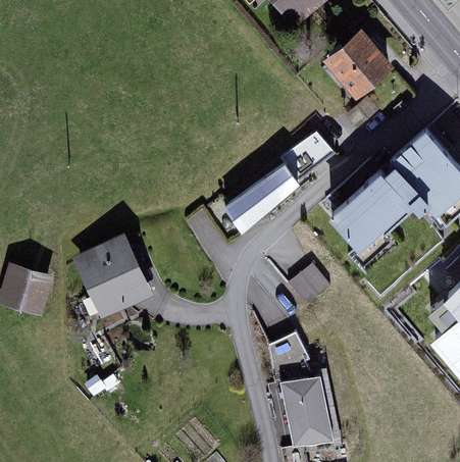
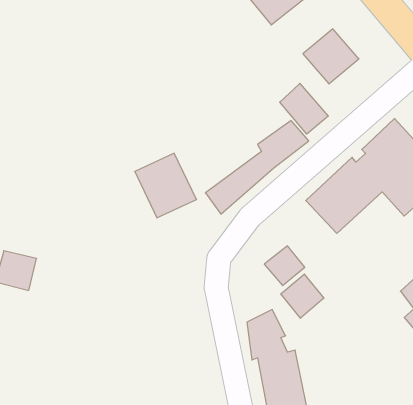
building: none -> [280,83,328,134]
building: [80,241,145,309] -> [135,153,197,218]
building: none -> [281,274,324,318]

